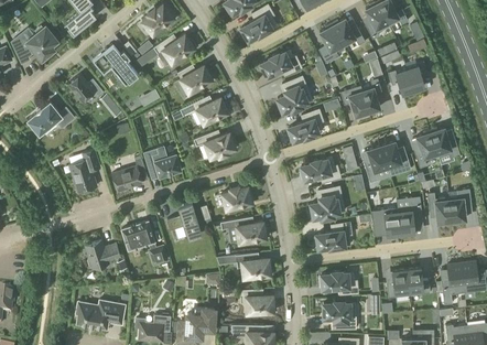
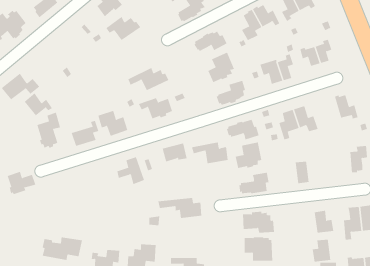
building: [94,43,139,85] -> none
building: [177,63,214,91] -> none
building: [68,73,104,101] -> [24,93,53,116]
building: [415,129,439,166] -> none
building: [428,191,452,223] -> none
building: [398,201,423,233] -> none
building: [221,215,267,241] -> [191,142,229,164]
building: [122,219,169,263] -> none
building: [86,239,121,268] -> [7,171,36,195]
building: [387,269,410,297] -> [312,239,331,262]
building: [241,288,274,312] -> none

